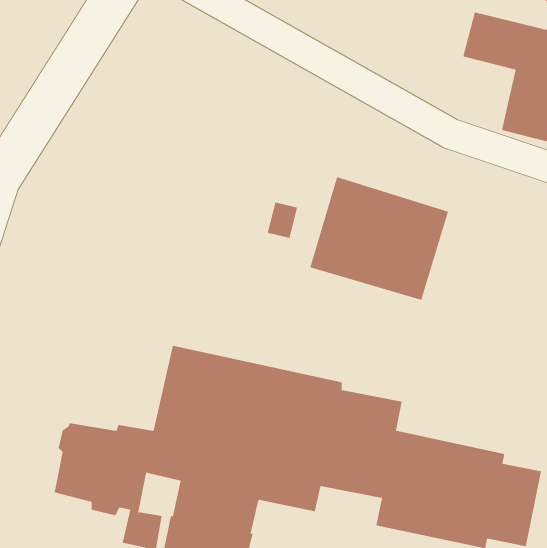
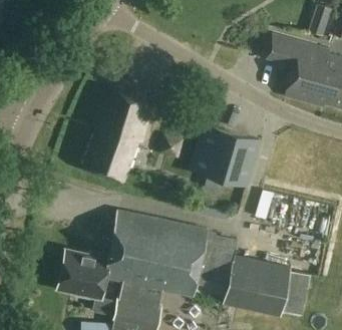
building: none -> [82,86,154,182]

